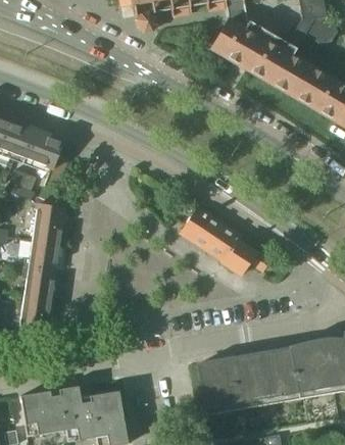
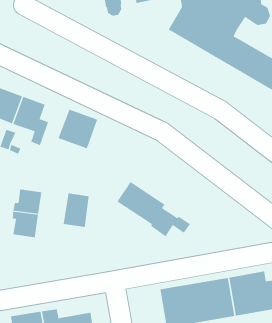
building: none -> [58,109,98,149]
building: [32,203,64,245] -> [63,193,90,227]
building: [181,207,270,275] -> [117,181,191,237]
building: [18,296,51,336] -> none

